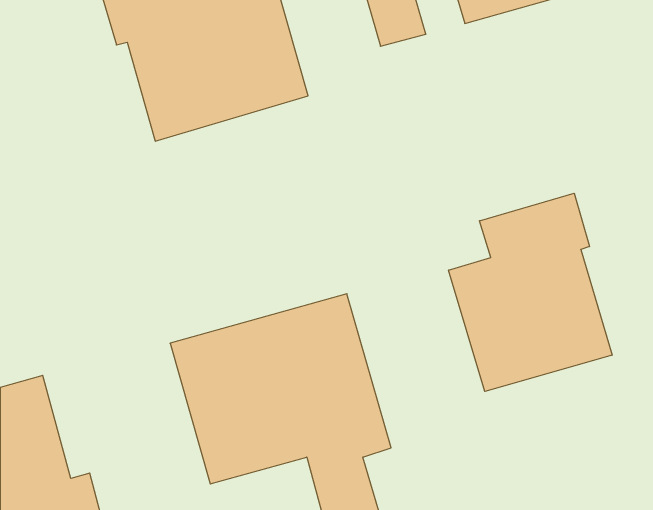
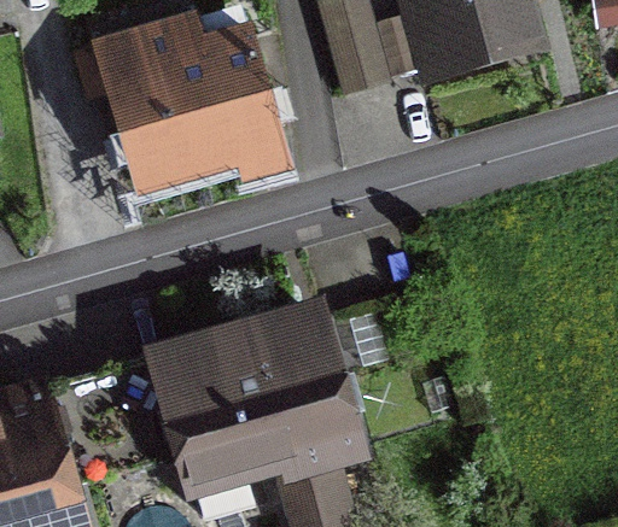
building: [449,193,612,391] -> none

